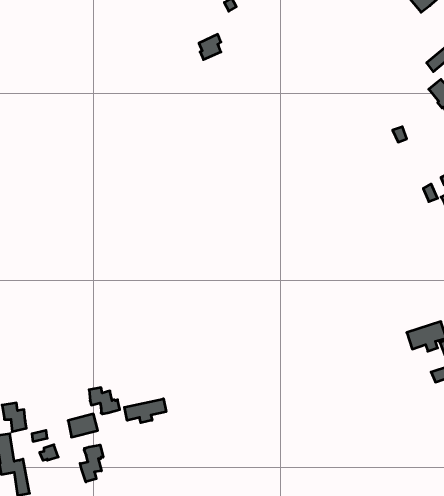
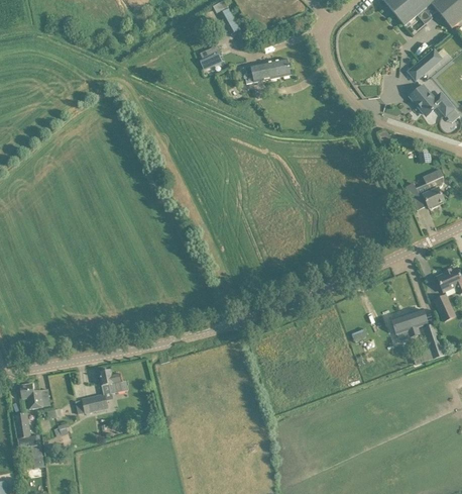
building: none -> [242,58,291,83]
building: [124,399,166,423] -> none
building: [80,445,103,482] -> none

